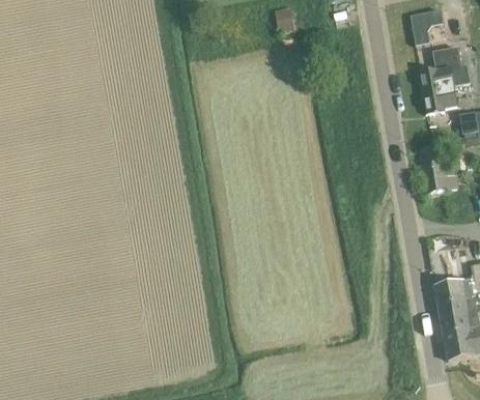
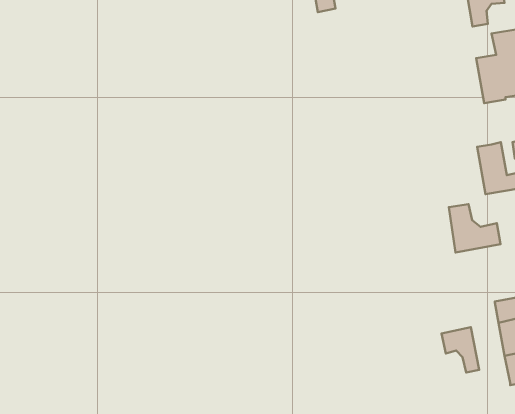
building: none -> [449,204,501,252]
building: none -> [442,327,479,372]

